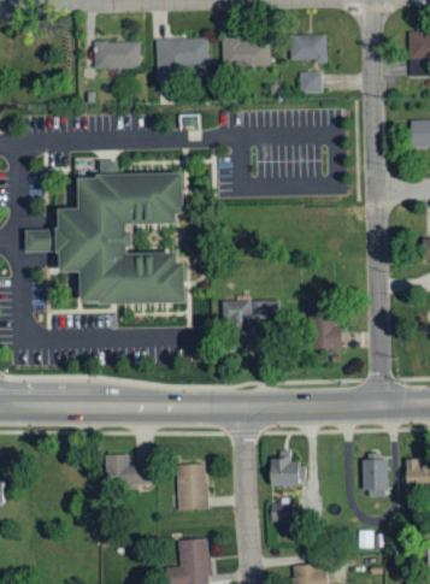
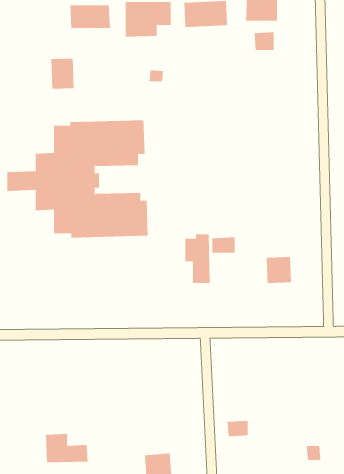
building: none -> [51,58,74,90]
building: [269,452,306,486] -> none
building: [104,454,152,486] -> [45,434,89,463]
building: [361,460,388,496] -> none
building: [176,464,207,511] -> none

